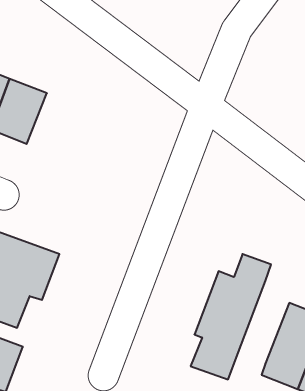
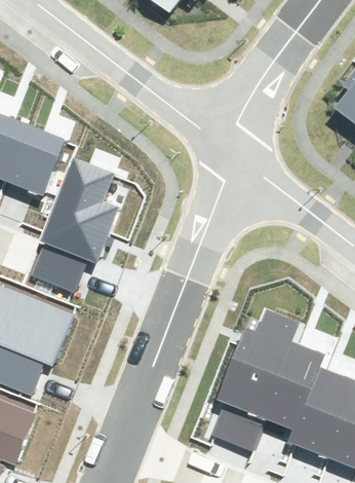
building: none -> [31,157,117,293]
building: none -> [265,342,324,431]

